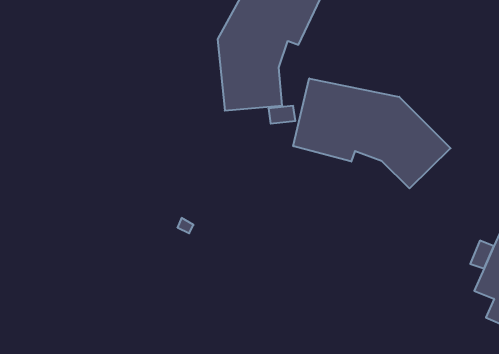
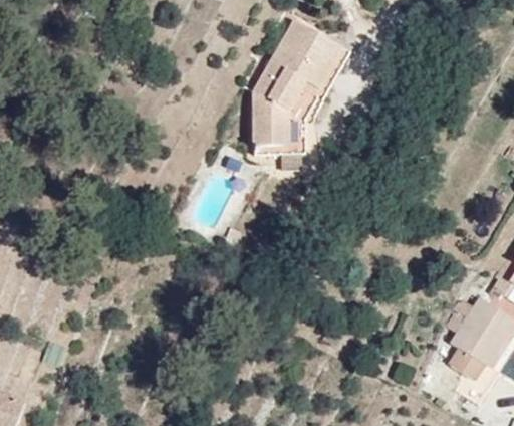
building: [293,78,451,188] -> none

